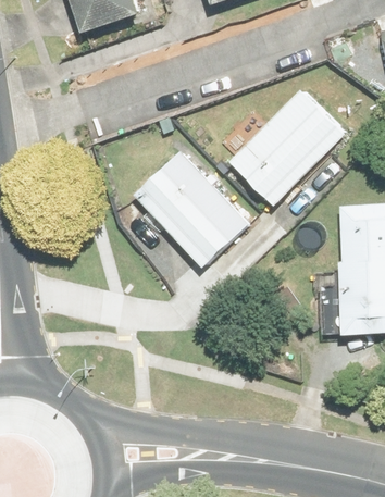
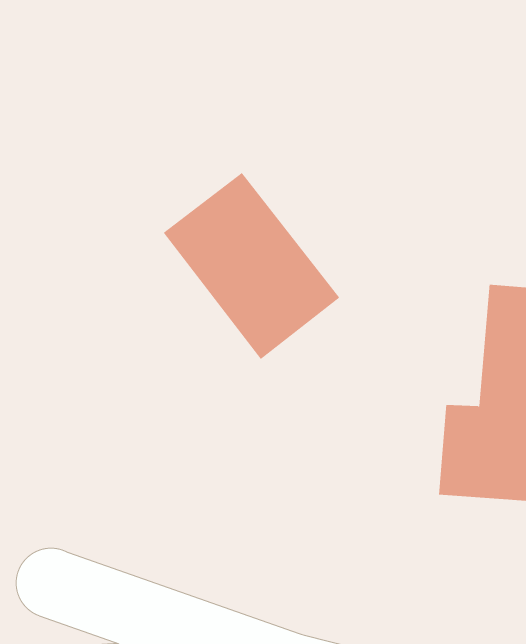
building: [225,89,345,204] -> none

